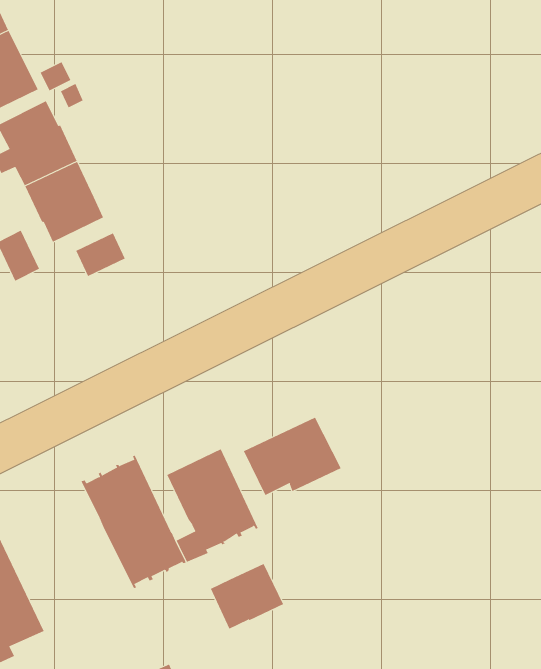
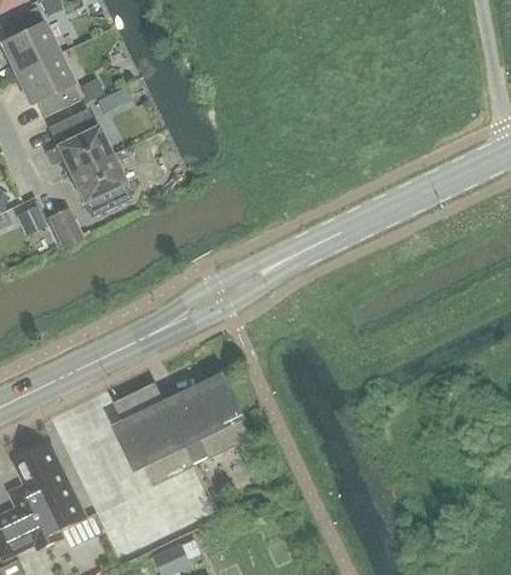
building: [76,232,125,277] -> none
building: [243,417,341,496] -> none
building: [210,563,284,629] -> none

